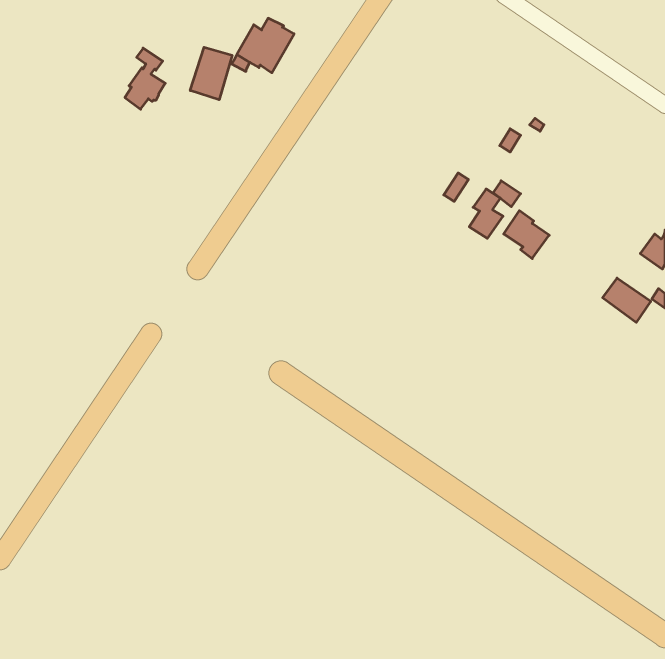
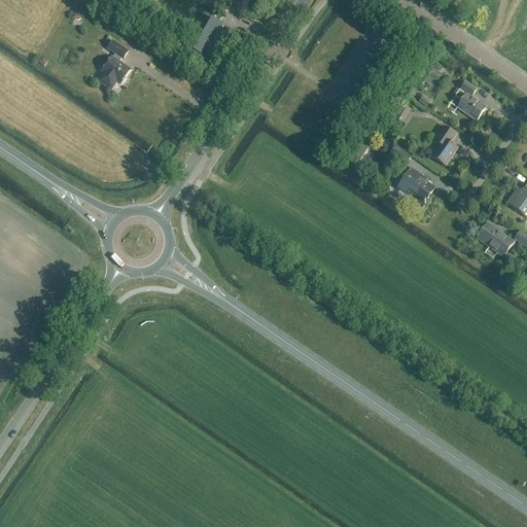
building: [190,47,232,100] -> none
building: none -> [453,79,486,118]
building: [469,189,503,238] -> [431,125,458,164]

